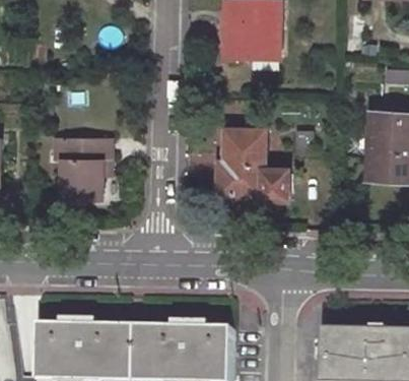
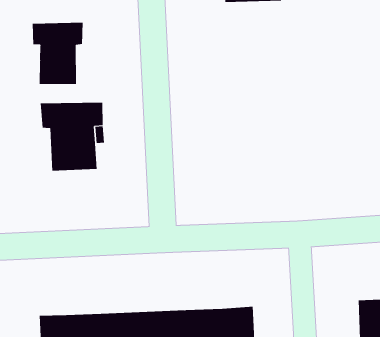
building: none -> [32,22,83,85]
building: [218,128,290,200] -> none

